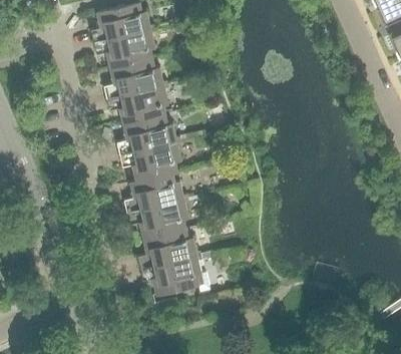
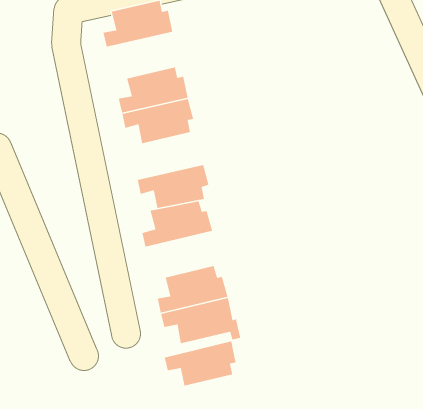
building: [94,30,156,69] -> none
building: [117,115,177,155] -> none
building: [127,200,189,239] -> [164,341,237,387]

